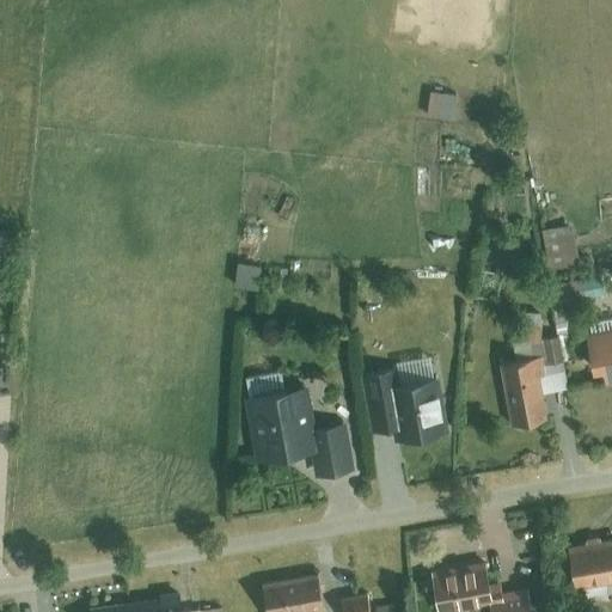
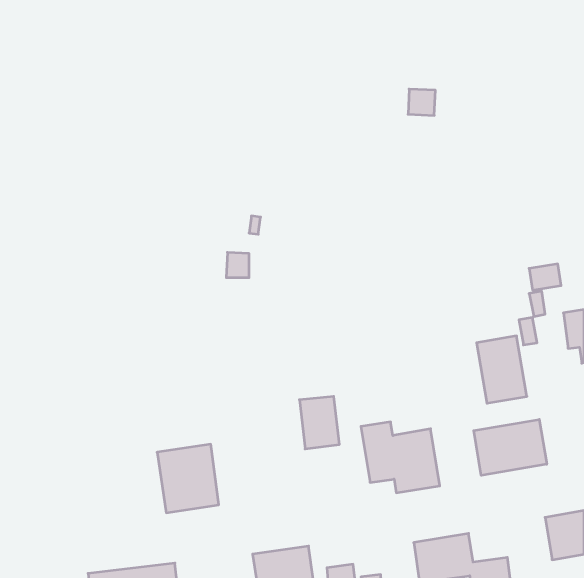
building: [546,233,580,276] -> none
building: [366,367,448,441] -> [361,422,440,493]
building: [249,387,313,459] -> [157,444,219,513]
building: none -> [474,419,547,475]

